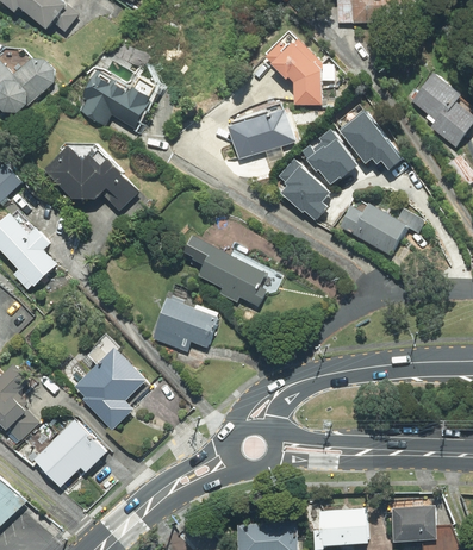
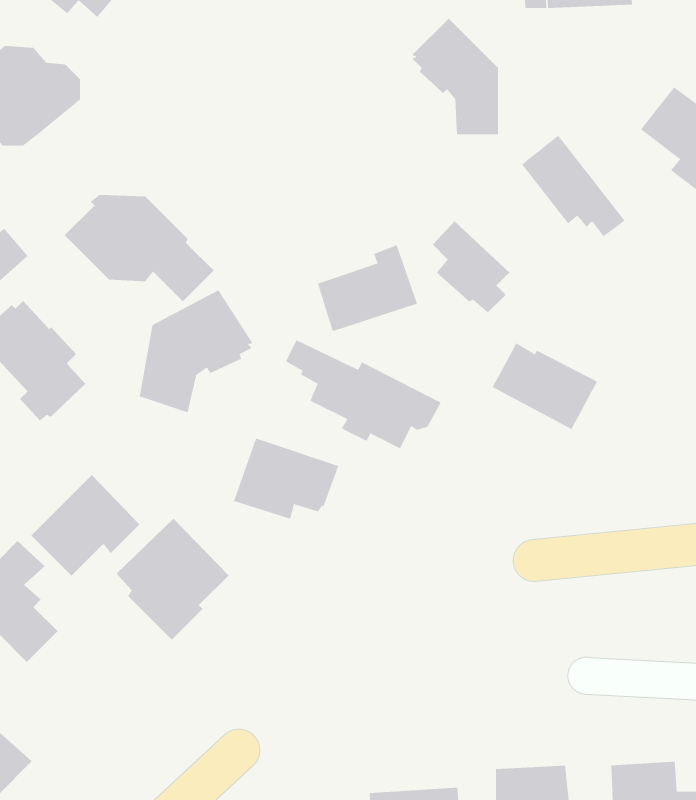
building: [80,69,157,127] -> none
building: [230,102,294,158] -> [317,244,418,332]
building: [301,130,357,183] -> none
building: [340,199,407,255] -> [492,342,598,430]
building: none -> [139,289,253,413]
building: [35,420,105,486] -> [31,474,140,576]

